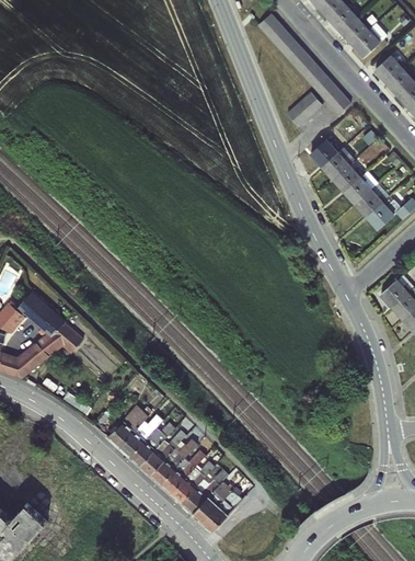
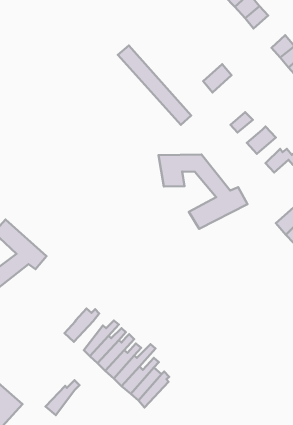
building: [256,13,350,115] -> [118,45,191,125]
building: [350,28,380,58] -> none
building: [308,138,339,169] -> none
building: [330,162,361,192] -> none
building: [355,185,389,218] -> none
building: none -> [159,155,248,229]
building: [119,413,163,458] -> [46,380,80,415]

